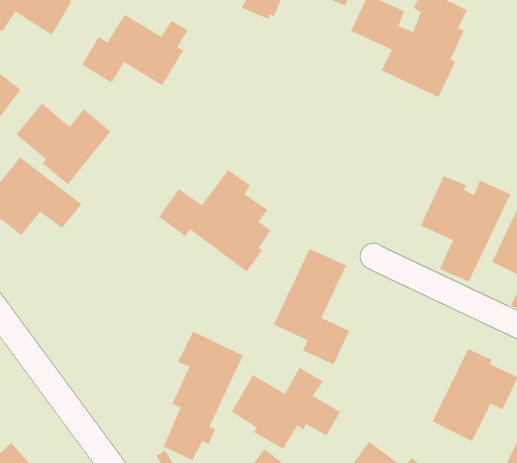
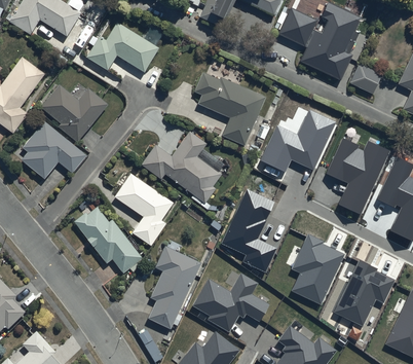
building: none -> [349,63,381,95]
building: none -> [194,74,264,146]
building: none -> [261,107,337,170]
building: none -> [115,174,173,247]
building: none -> [74,207,141,274]
building: none -> [292,232,345,302]

